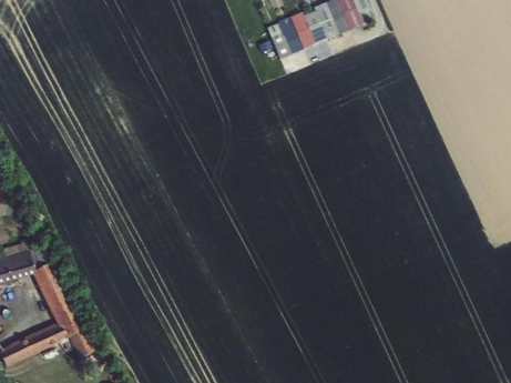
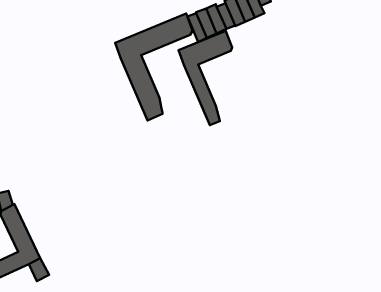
building: none -> [115,13,192,120]
building: none -> [178,31,232,125]

